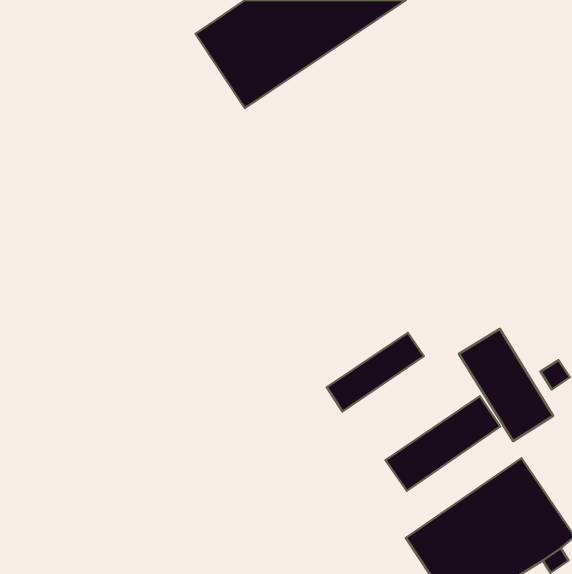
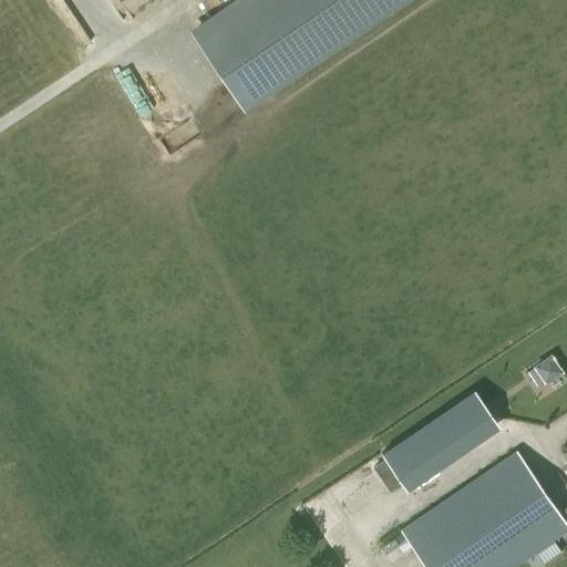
building: [459,329,553,441] -> none
building: [327,333,424,411] -> none

